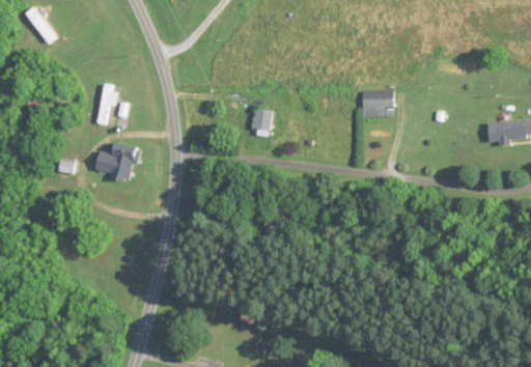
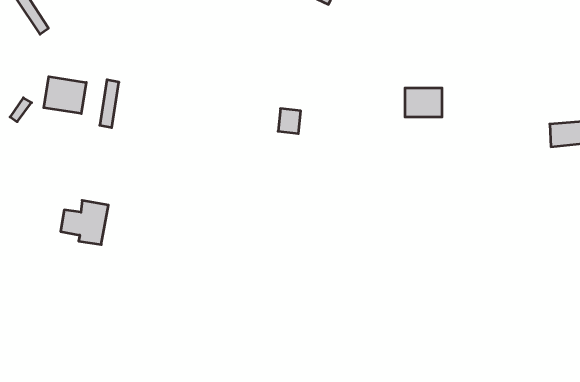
building: none -> [44,77,86,114]
building: [95,143,137,181] -> [61,200,108,245]

